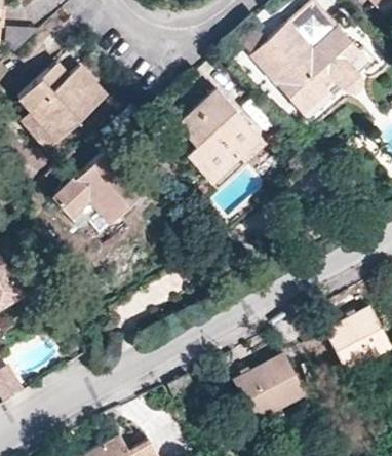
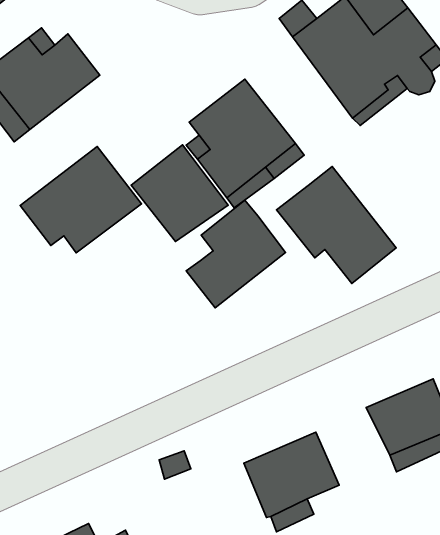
building: none -> [131,145,228,242]
building: none -> [277,167,396,283]
building: none -> [186,200,286,308]

